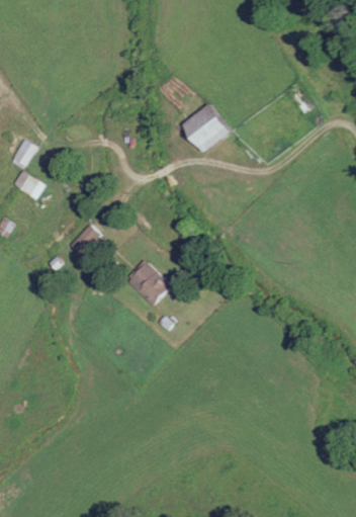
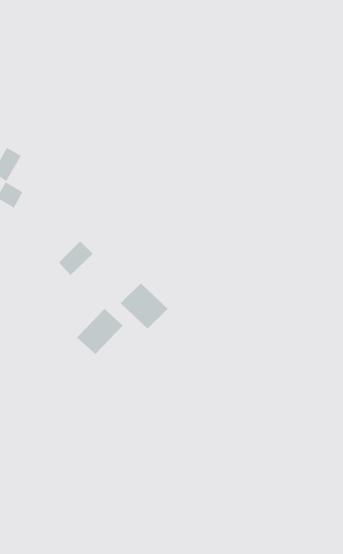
building: [184,101,234,151] -> none
building: none -> [76,308,124,355]

